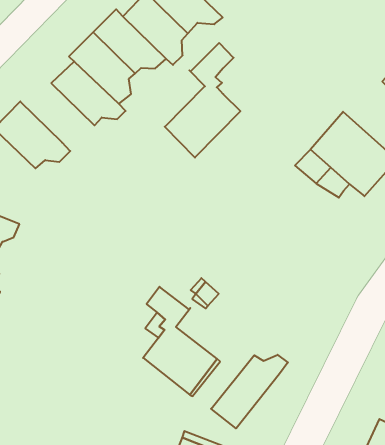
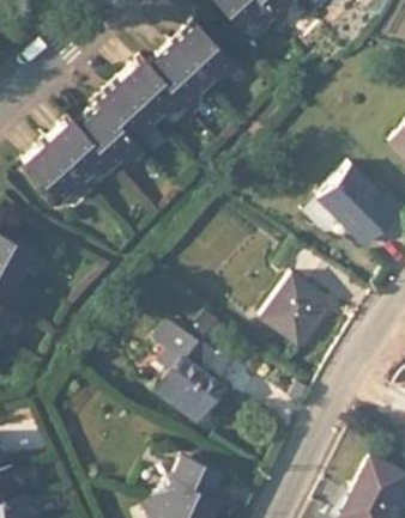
building: [165,43,240,158] -> none
building: none -> [50,117,119,179]
building: none -> [264,275,330,346]
building: [211,355,288,428] -> none

